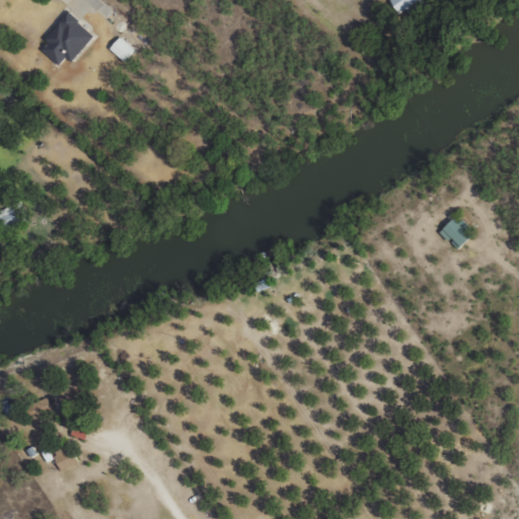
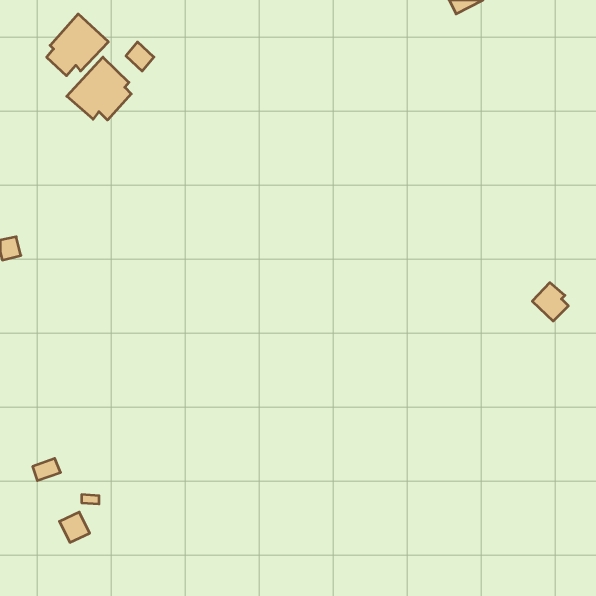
building: none -> [67,57,131,120]
building: [439,216,470,249] -> [532,283,568,321]

